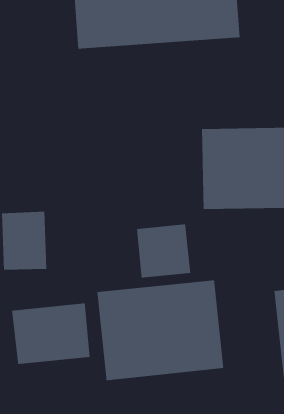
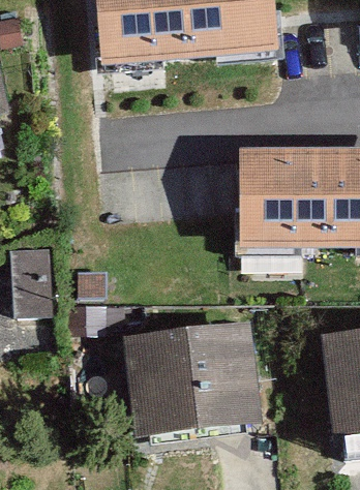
building: [136,224,191,279] -> none
building: [11,303,91,365] -> none

